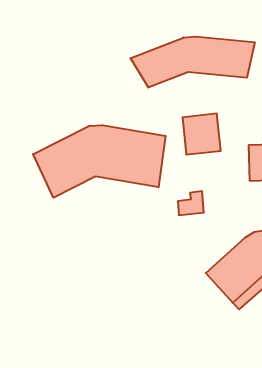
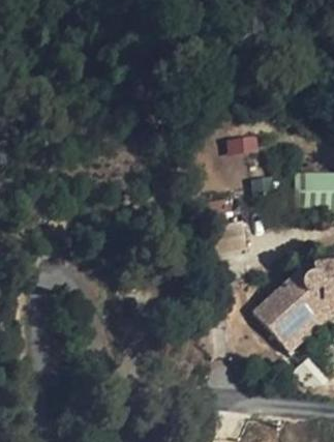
building: [130,37,255,88] -> none
building: [33,125,165,198] -> none

